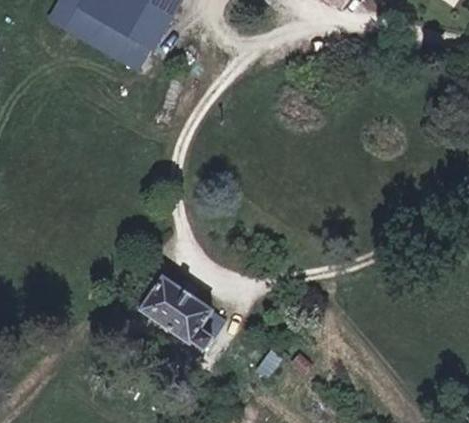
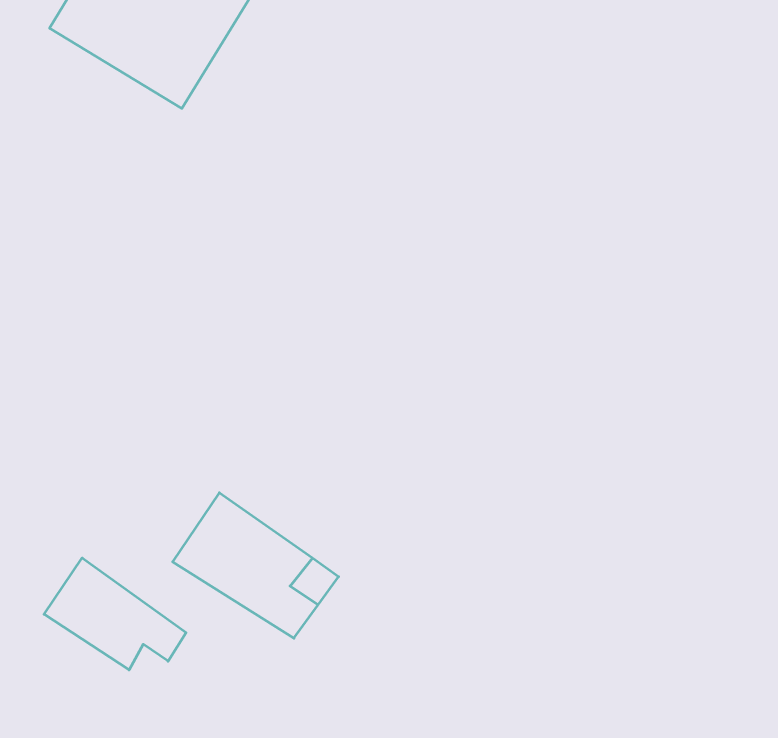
building: none -> [44,558,186,670]

